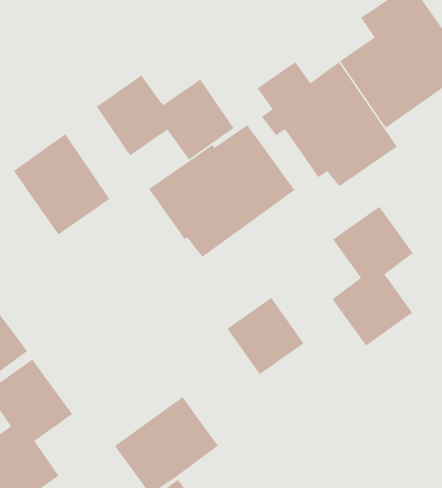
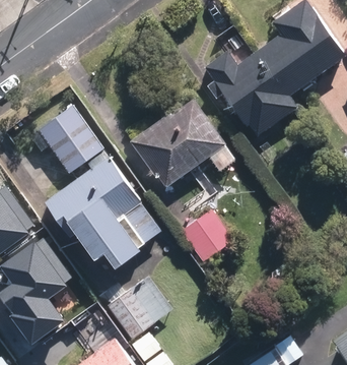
building: [96,74,235,160] -> none
building: [331,206,414,346] -> none
building: none -> [42,151,143,262]

